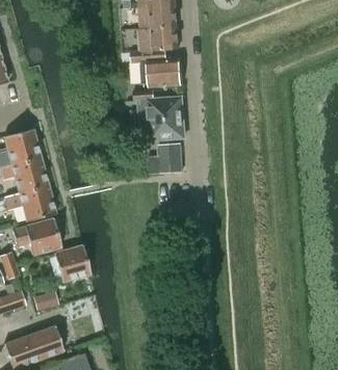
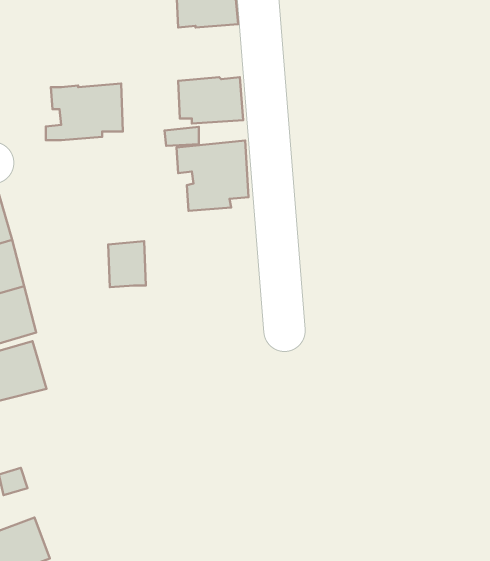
building: [132,26,179,60] -> [46,84,123,140]
building: [159,143,182,171] -> [108,241,146,287]
building: [54,245,90,282] -> none

